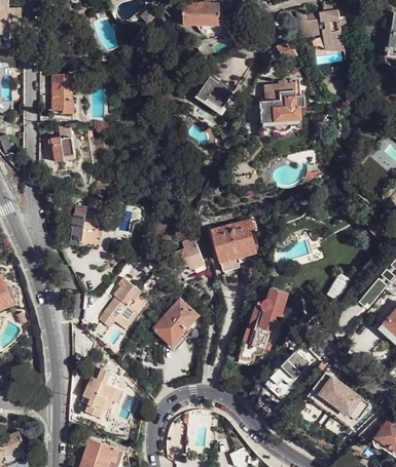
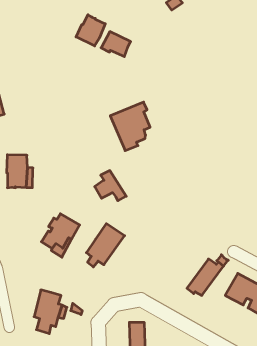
building: none -> [76,15,105,46]
building: [261,83,305,128] -> none
building: [211,218,255,271] -> [110,102,150,151]
building: [240,298,276,360] -> none

